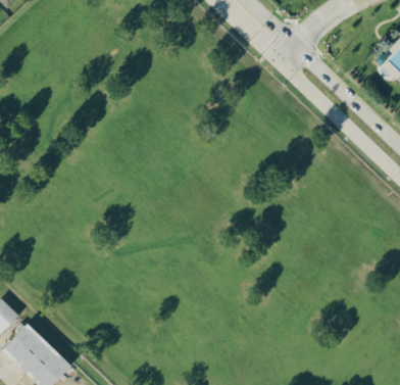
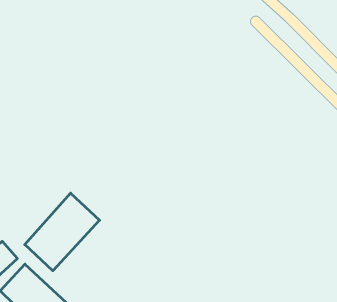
building: none -> [25,193,100,271]

